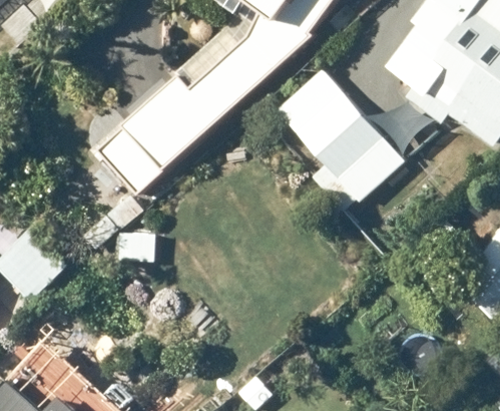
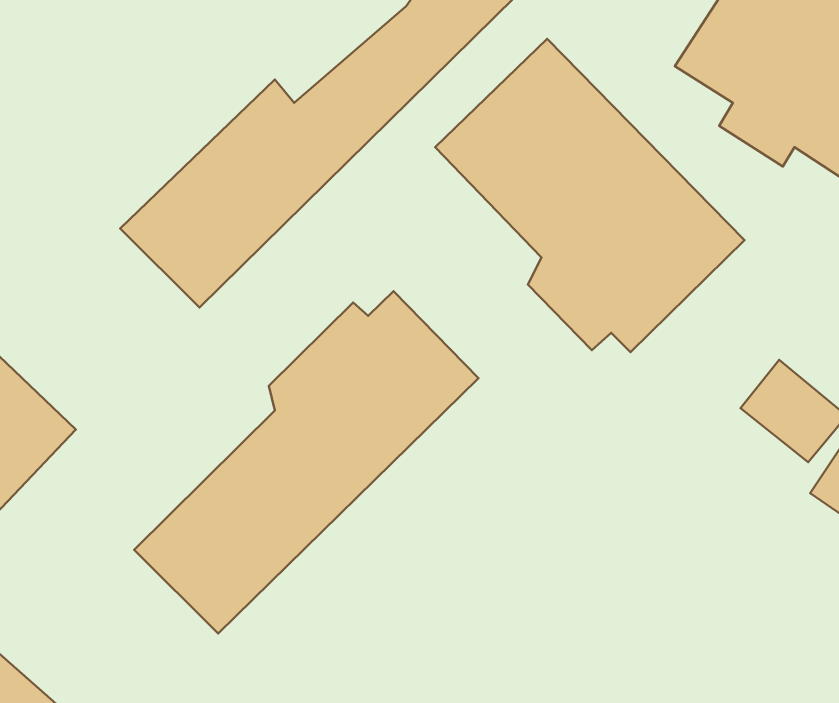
building: none -> [134,291,478,633]

